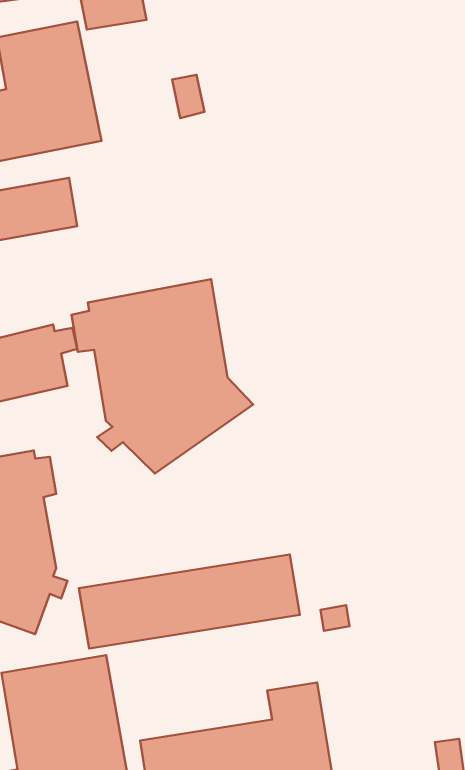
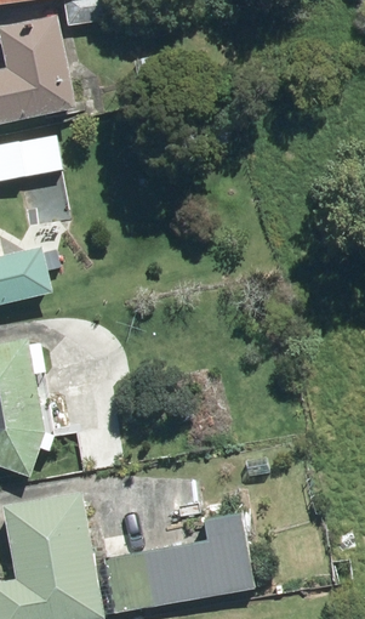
building: [72,279,253,474] -> none
building: [79,554,300,648] -> none

